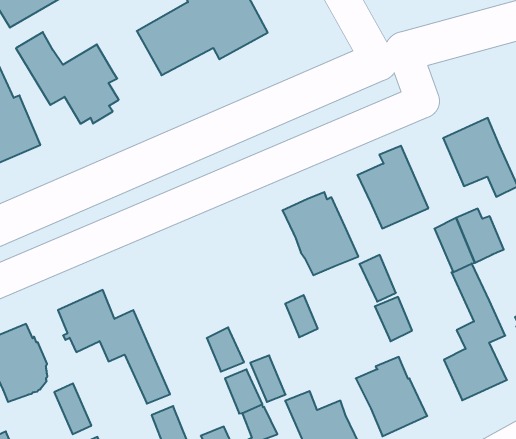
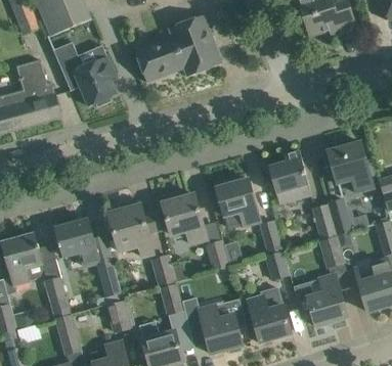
building: none -> [162,193,207,242]
building: none -> [107,203,154,257]

